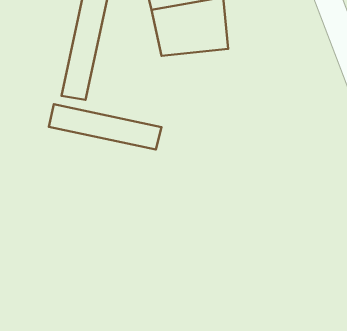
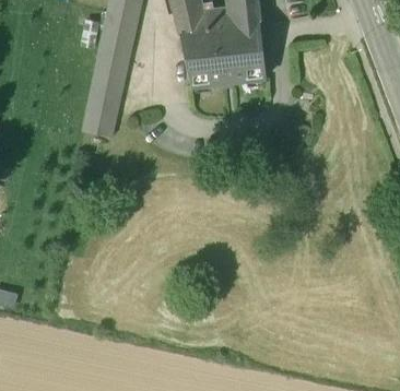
building: [49,104,162,149] -> none

